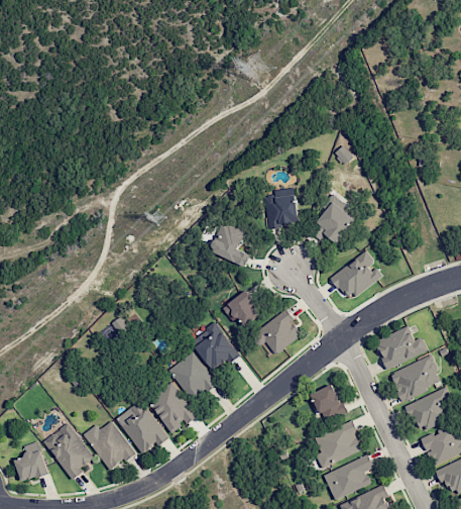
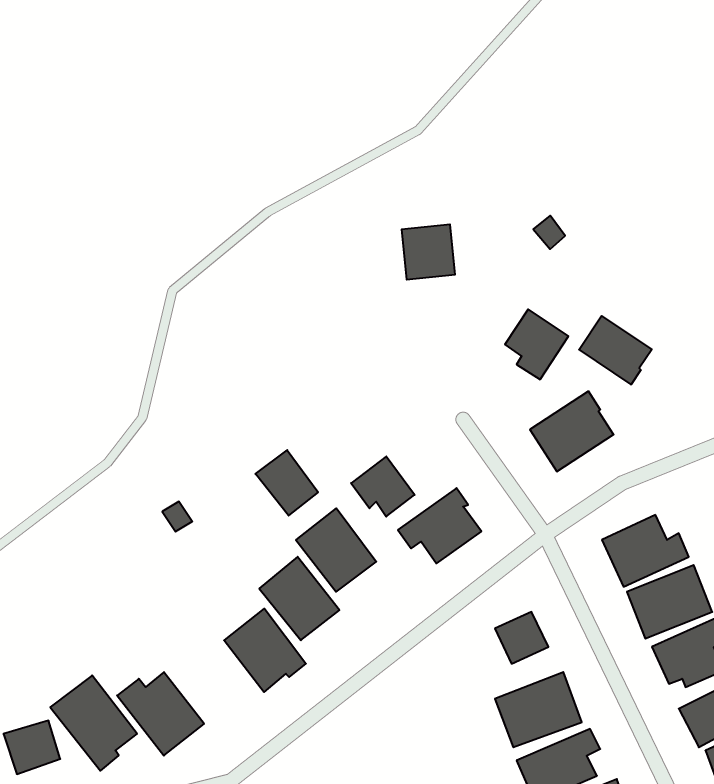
building: [264,194,297,227] -> [402,224,455,280]
building: none -> [579,316,652,385]
building: [210,219,249,266] -> none
building: none -> [255,450,318,516]
building: [115,400,167,453] -> none

